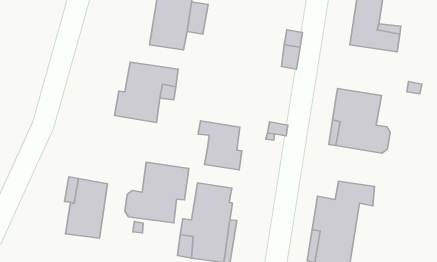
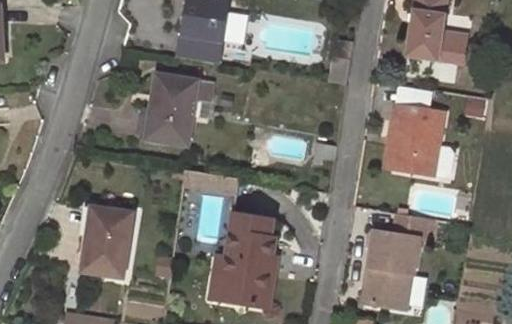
building: [198,121,242,170] -> none
building: [125,162,189,223] -> none

